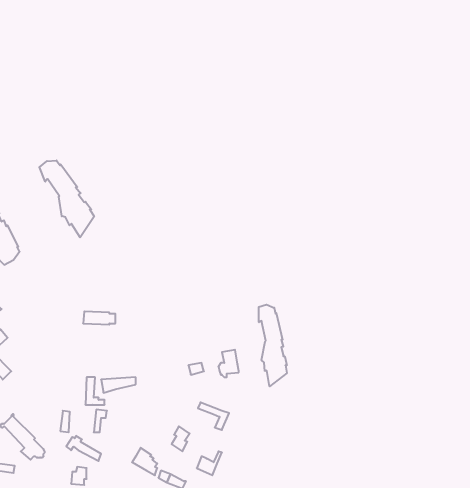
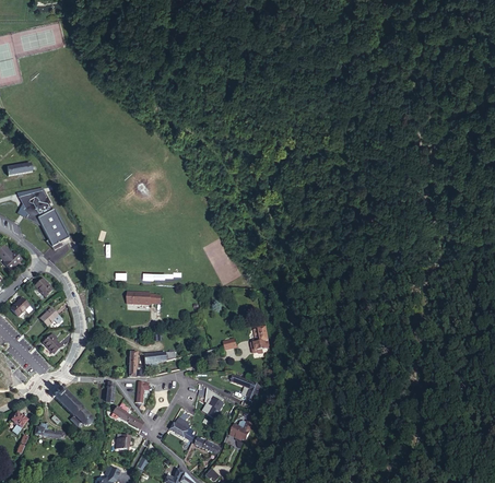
building: [39,160,94,237] -> none
building: [259,305,287,386] -> none

